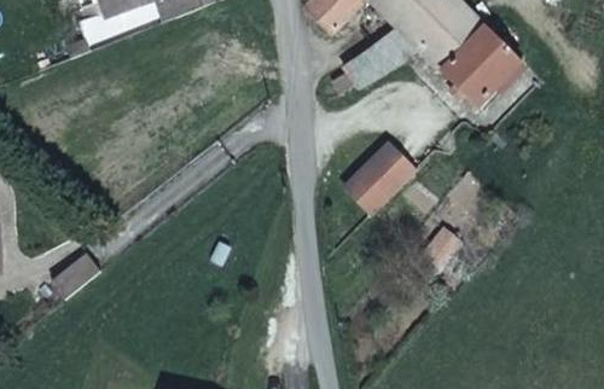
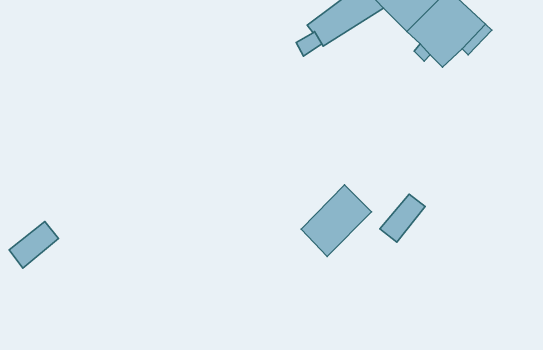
building: [345,143,414,213] -> [301,185,371,256]

